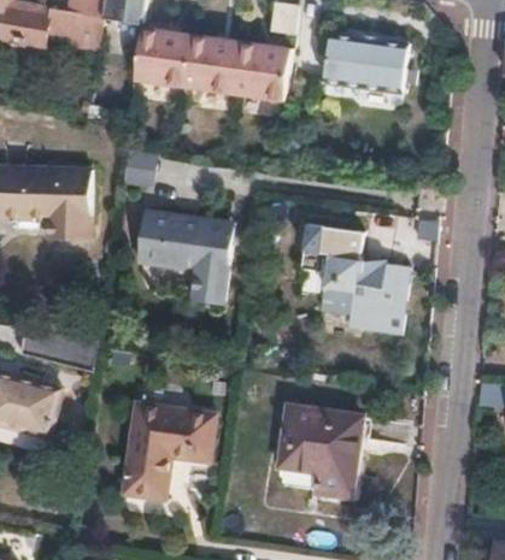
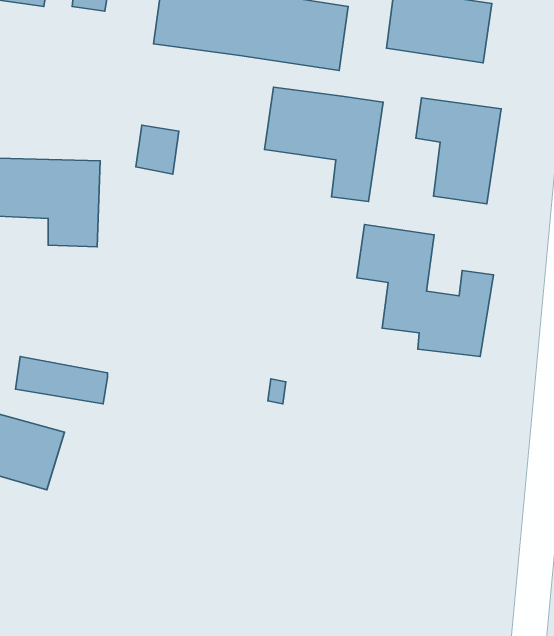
building: none -> [416,98,501,204]
building: [141,206,237,299] -> [265,87,383,201]
building: [125,405,213,497] -> none
building: [277,405,359,496] -> none

